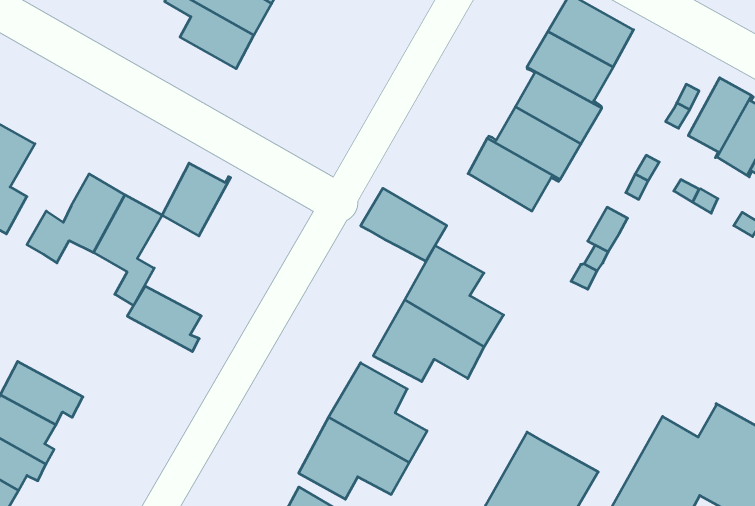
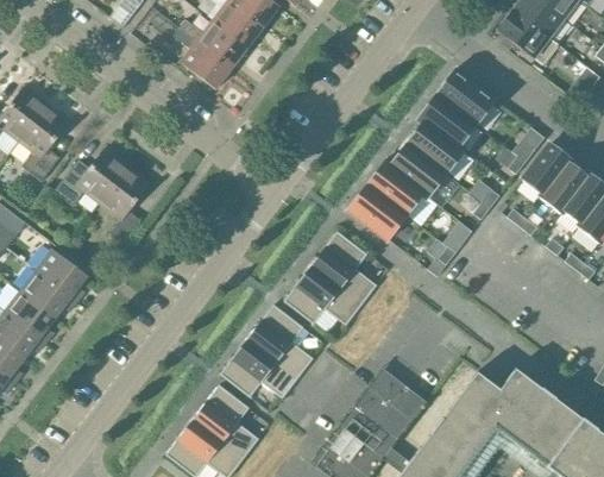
building: [162,163,231,236] -> none
building: [361,188,447,261] -> [347,184,407,239]
building: [127,286,201,352] -> [37,251,88,301]

